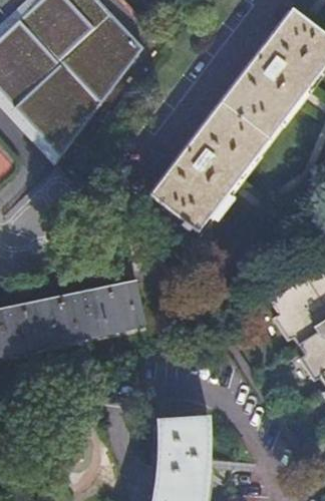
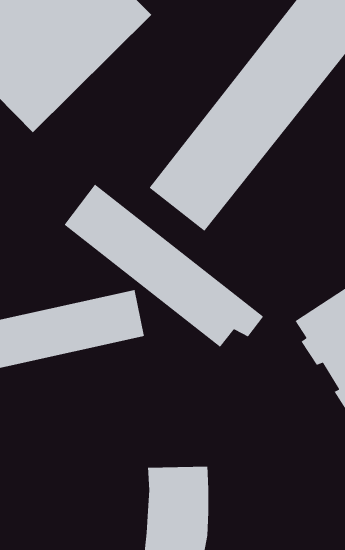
building: none -> [63,184,264,348]

